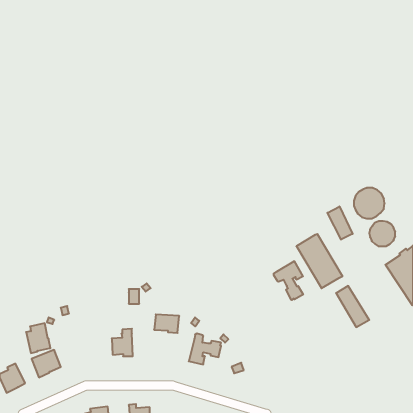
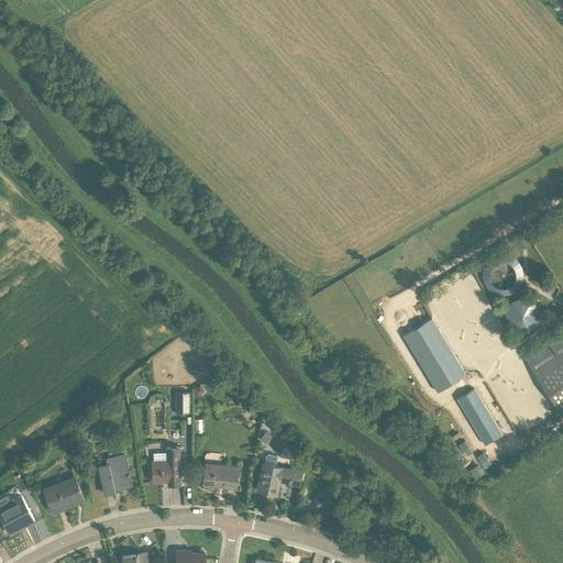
building: [327,206,353,240] -> none
building: [274,261,303,300] -> none
building: [154,314,179,333] -> [203,463,238,488]
building: [26,323,50,353] -> [98,454,131,495]

